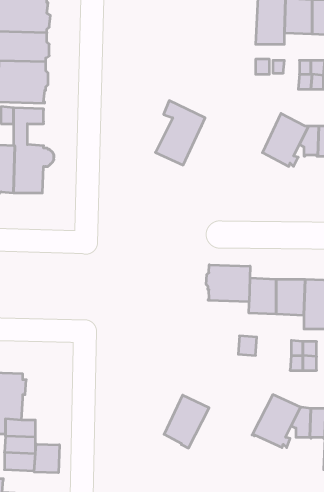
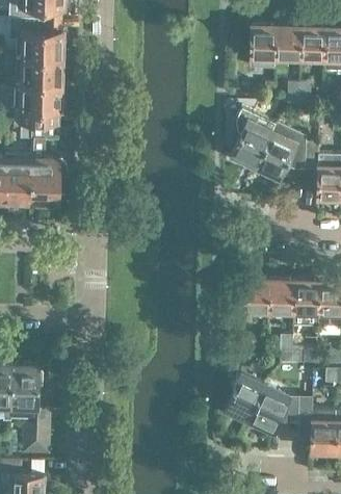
building: [155,101,205,165] -> [230,109,274,167]
building: [206,265,250,302] -> none
building: [164,395,209,448] -> [224,374,264,422]
building: [34,444,59,473] -> none

